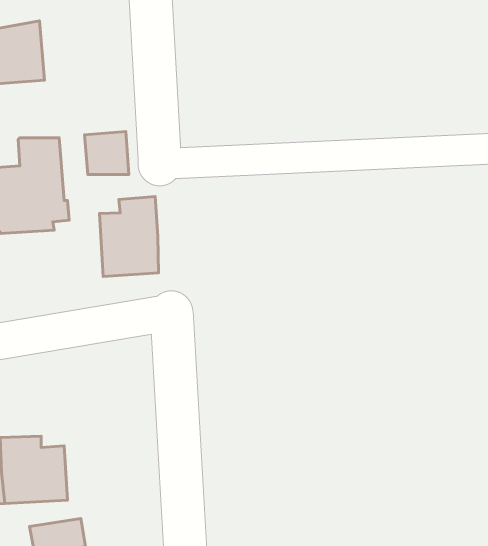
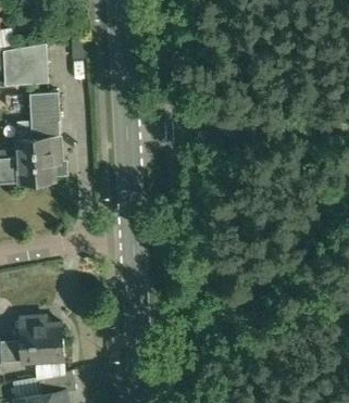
building: [84,132,129,174] -> [29,92,59,121]
building: [100,197,158,276] -> none

